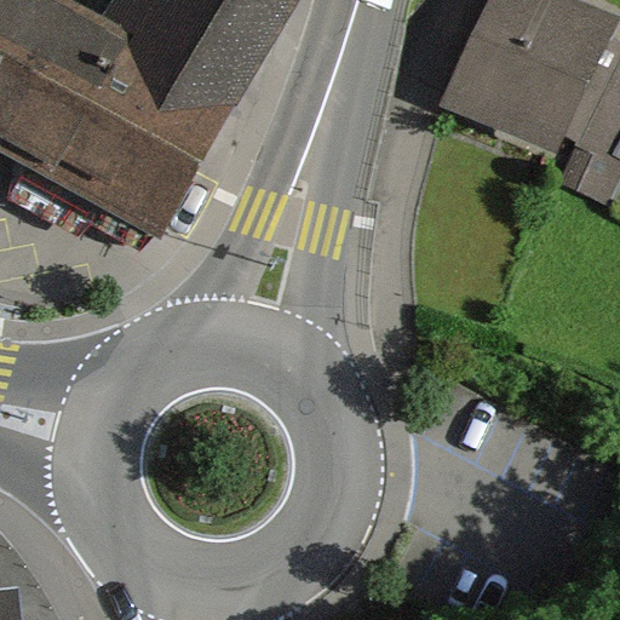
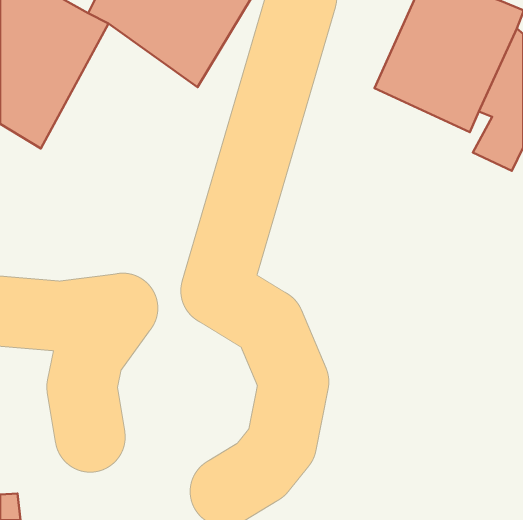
building: [48,28,234,237] -> none

